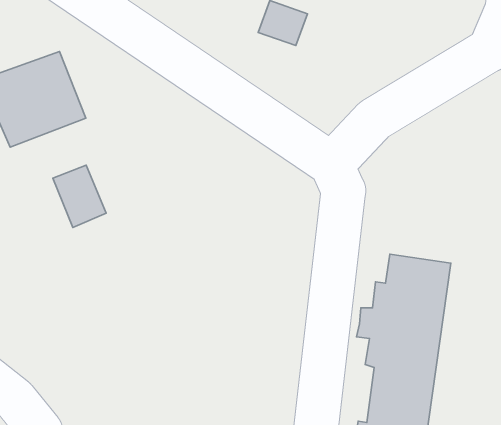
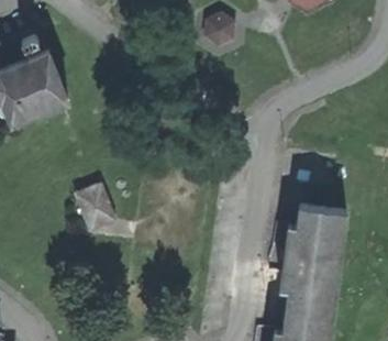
building: [53,165,106,228] -> [74,185,114,232]

